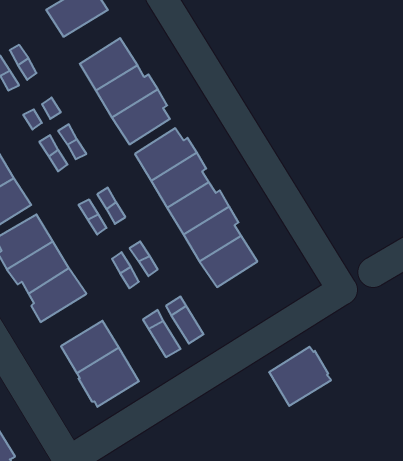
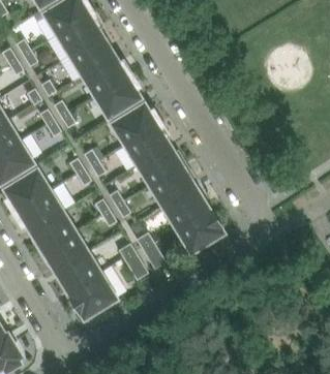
building: none -> [59,13,102,55]
building: none -> [41,231,89,272]
building: [269,347,331,406] -> [177,207,224,252]

